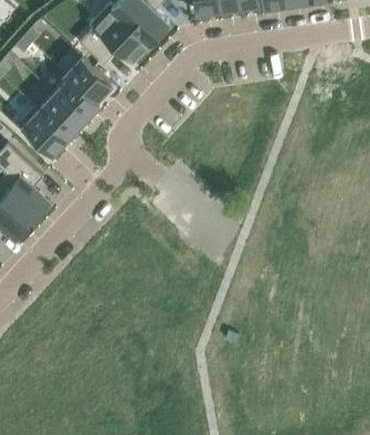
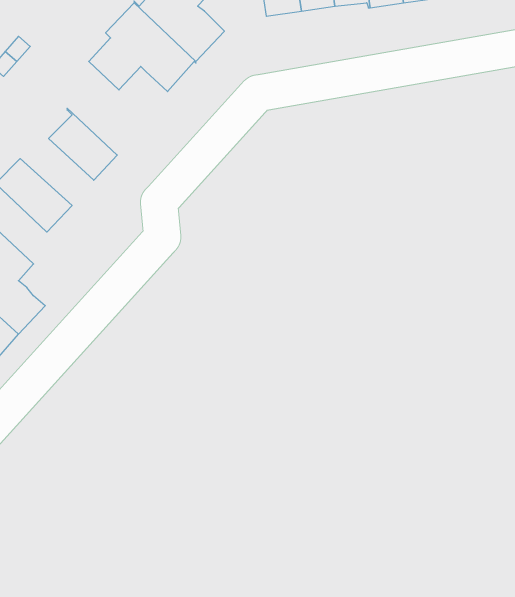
building: [65,59,112,106] -> none
building: [34,95,83,139] -> none

